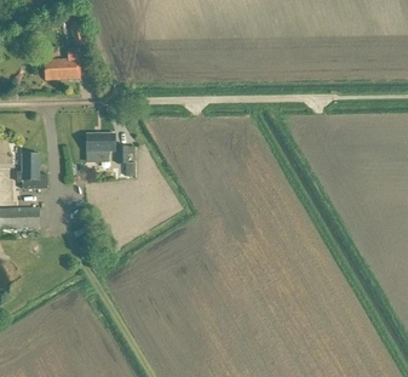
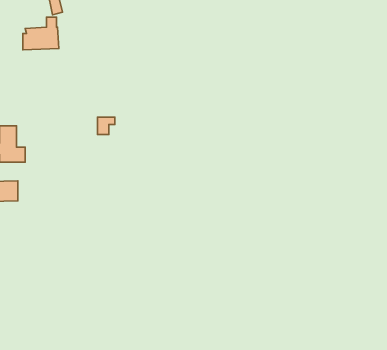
building: [86,133,115,161] -> none

